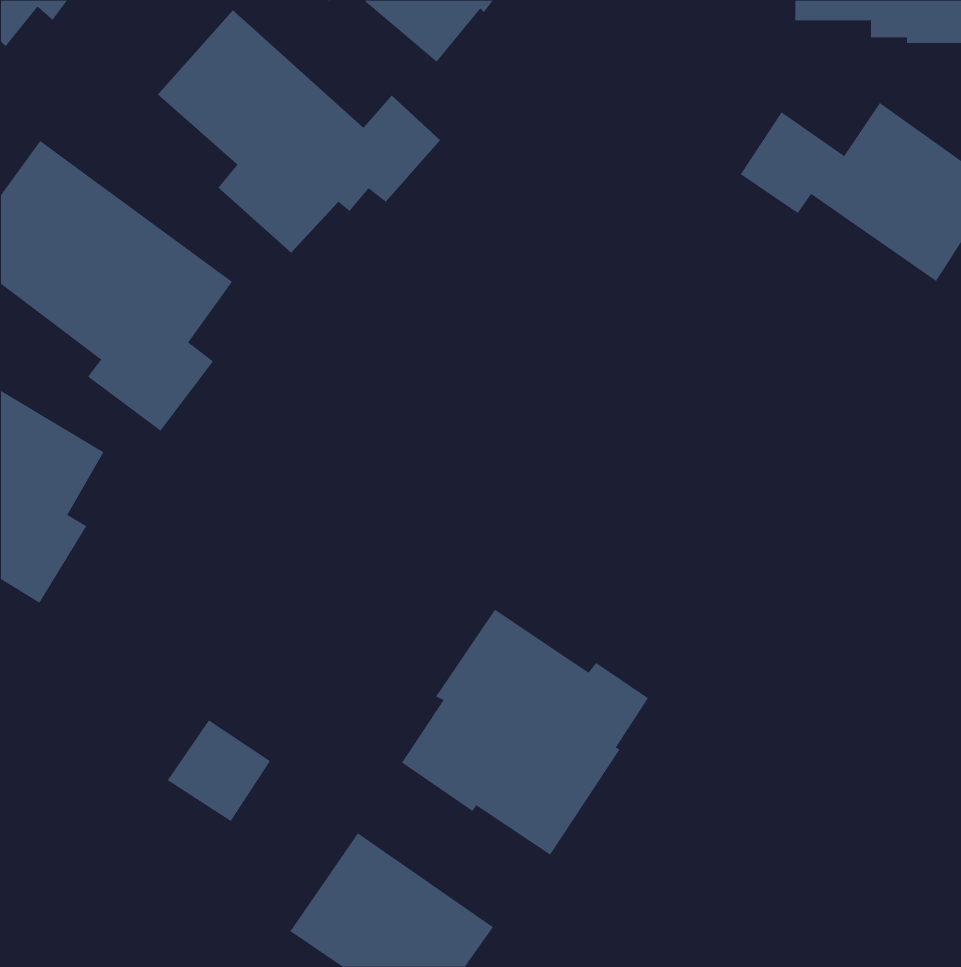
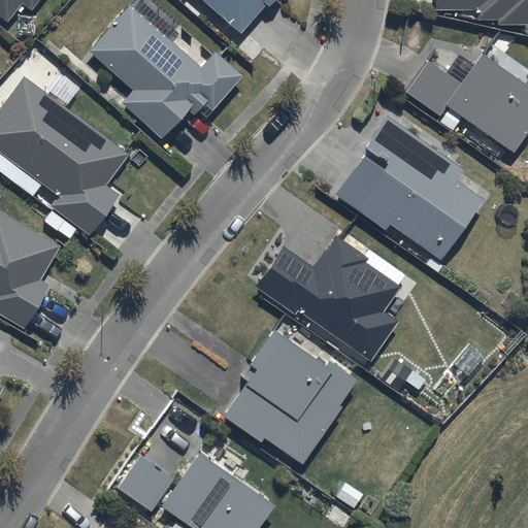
building: none -> [334,118,483,261]
building: none -> [255,237,400,362]
building: [167,720,271,822] -> [118,457,174,513]

